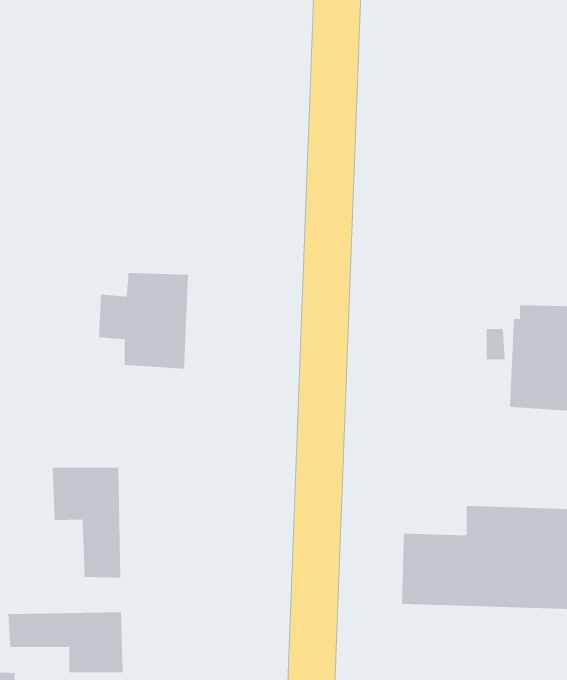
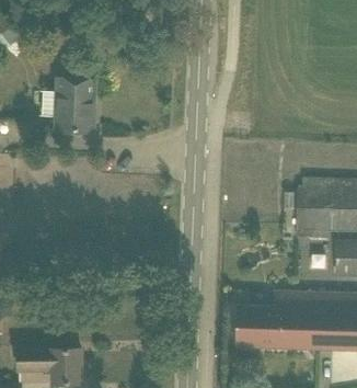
building: [98,273,189,369] -> [42,79,92,133]
building: [52,467,121,578] -> none

